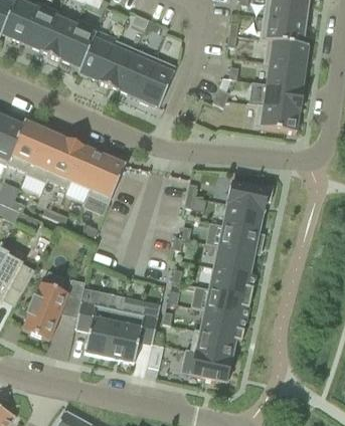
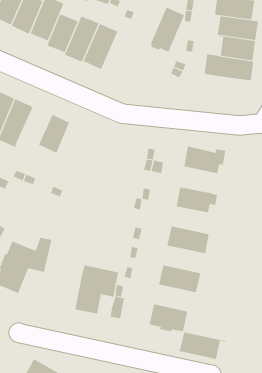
building: [138,56,176,105] -> [149,7,185,52]
building: [253,103,299,132] -> none
building: [46,138,84,187] -> none
building: [88,155,125,202] -> none
building: [222,202,264,231] -> none
building: [213,245,254,275] -> none
building: [204,287,250,317] -> none
building: [74,300,119,357] -> none
building: [189,329,241,359] -> [179,332,227,360]

